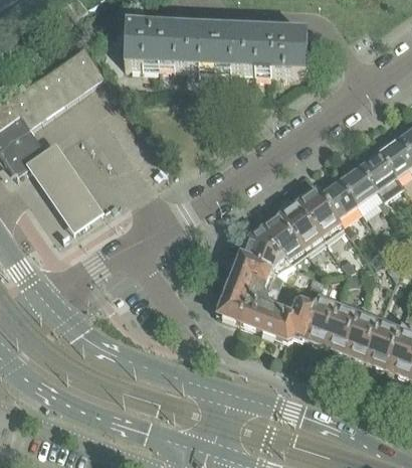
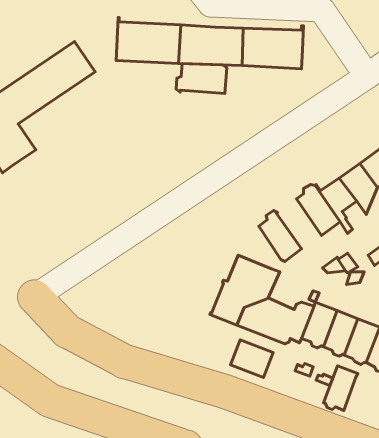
building: none -> [176,64,227,94]
building: [27,145,105,235] -> none
building: [280,197,324,247] -> none
building: [241,224,284,266] -> none
building: none -> [231,340,273,377]
building: none -> [323,366,358,410]

